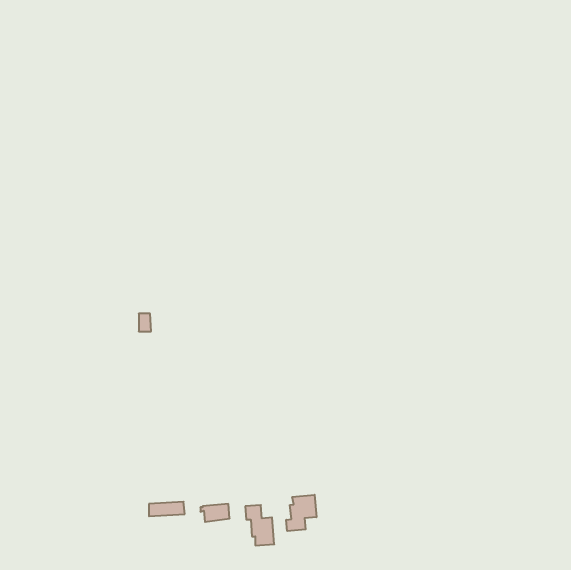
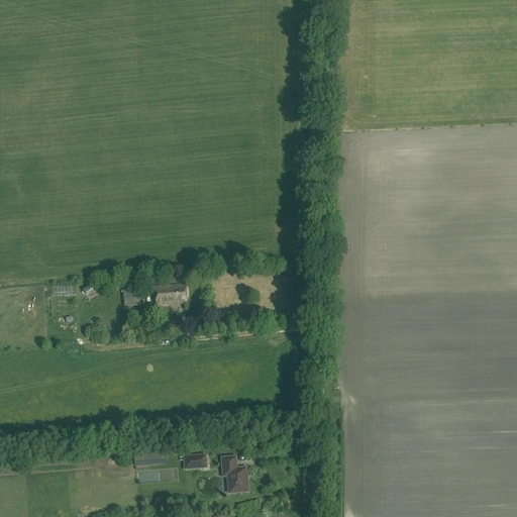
building: none -> [154,284,186,304]
building: [286,495,316,531] -> none

